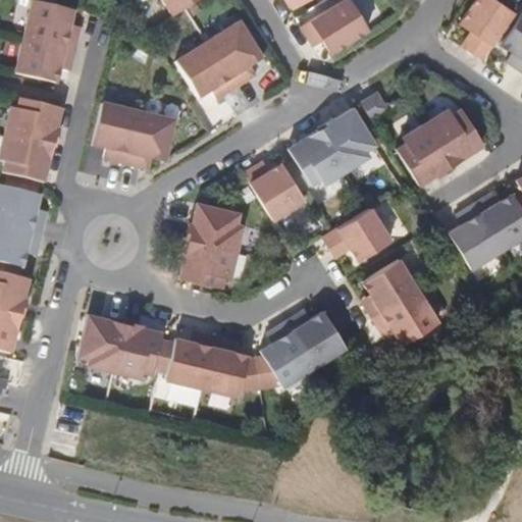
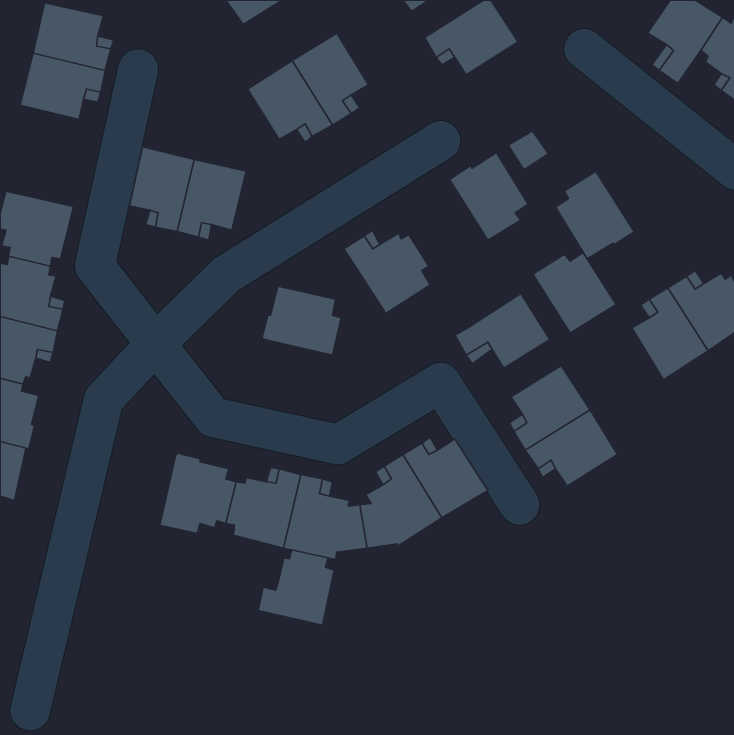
building: [5,100,62,147] -> none
building: [423,106,482,163] -> [533,253,616,333]
building: [289,128,347,189] -> none
building: [179,241,237,286] -> none
building: [79,315,125,372] -> none
building: none -> [258,550,334,625]

